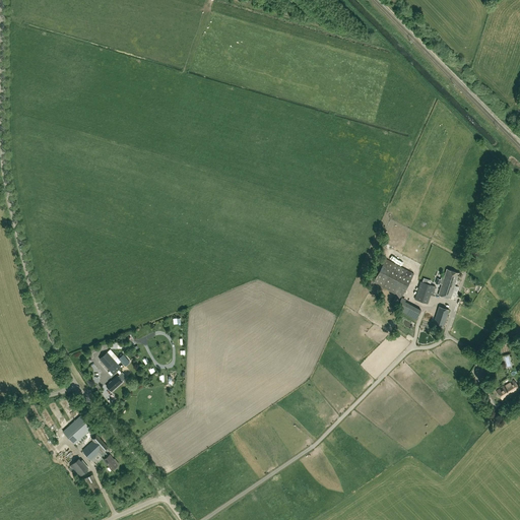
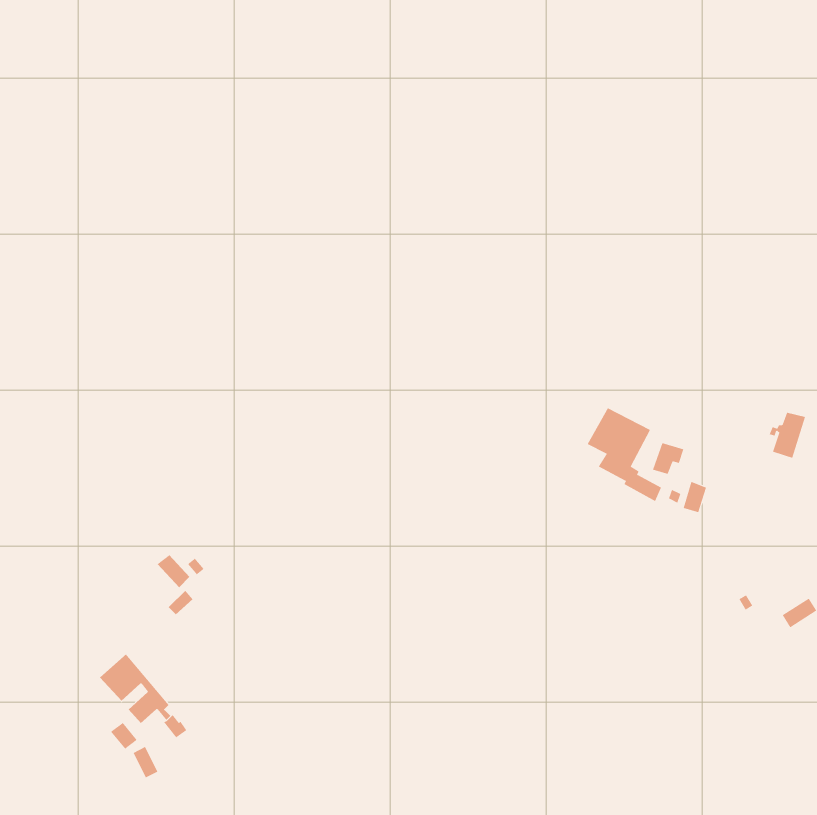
building: [436,270,459,300] -> [769,412,806,458]

